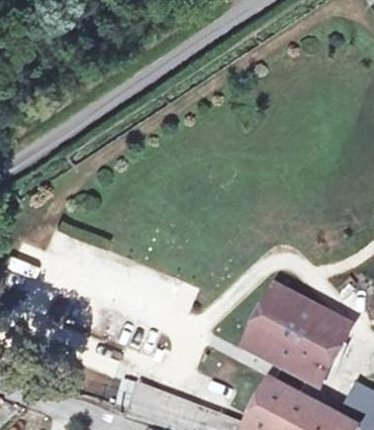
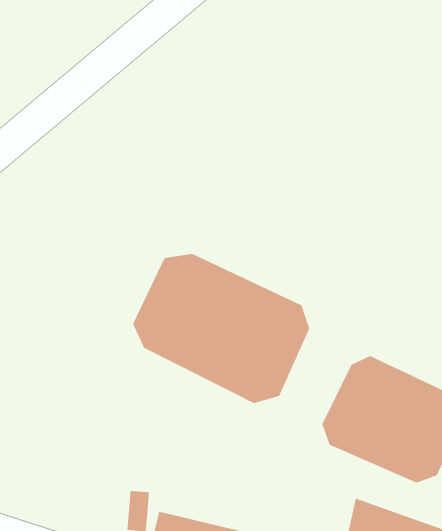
building: none -> [133,253,310,404]

